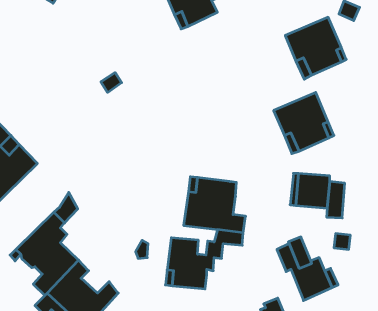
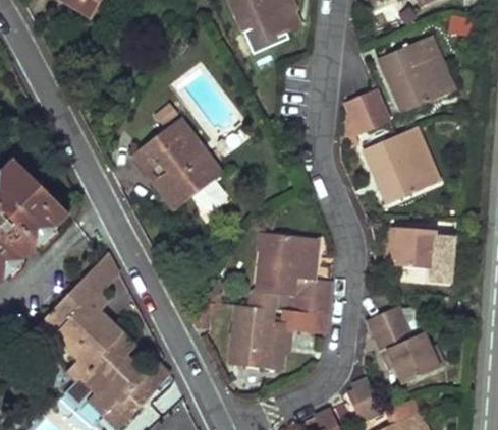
building: none -> [345,91,389,135]
building: none -> [132,122,224,213]

